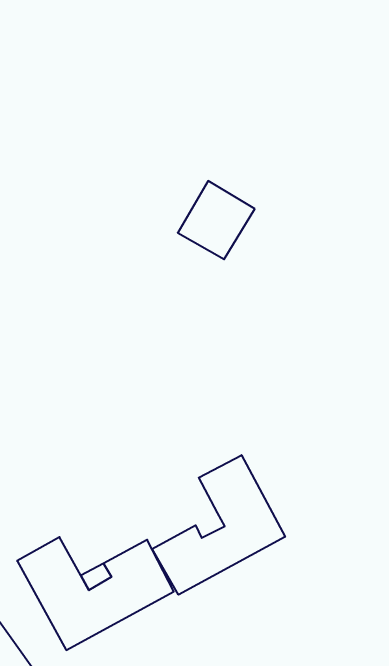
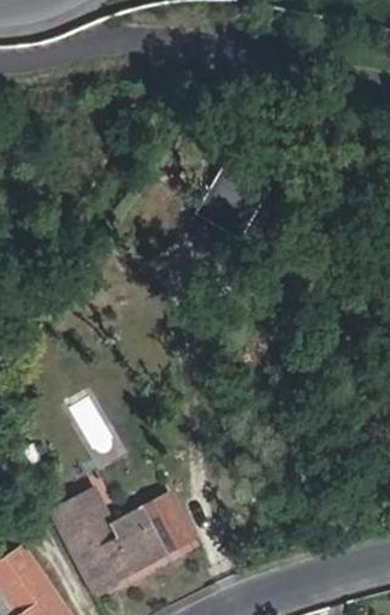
building: [152,455,285,595] -> none

